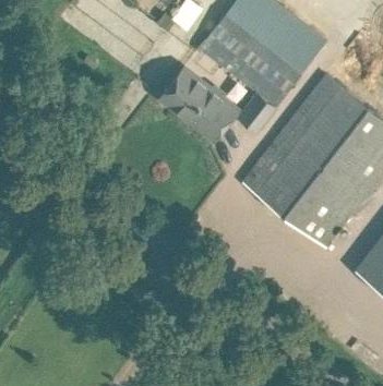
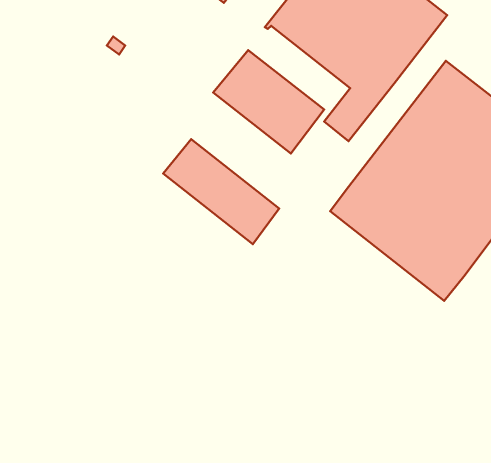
building: none -> [163,139,279,244]

